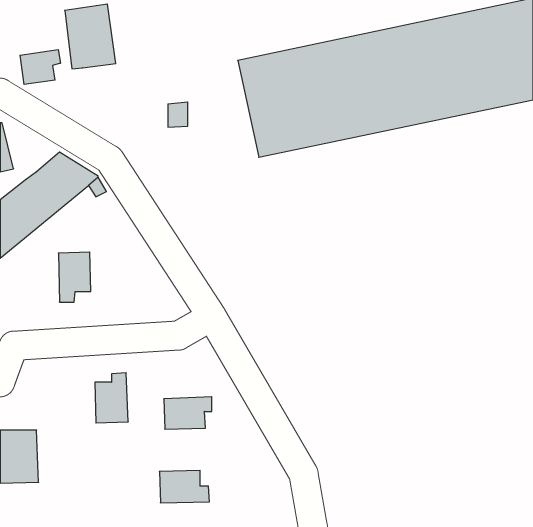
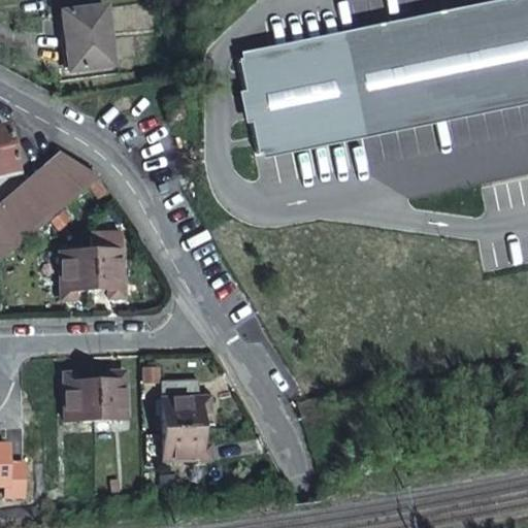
building: [20,50,60,84] -> none
building: none -> [89,231,122,298]
building: none -> [63,371,95,420]
building: [159,470,209,503] -> [163,424,212,456]

